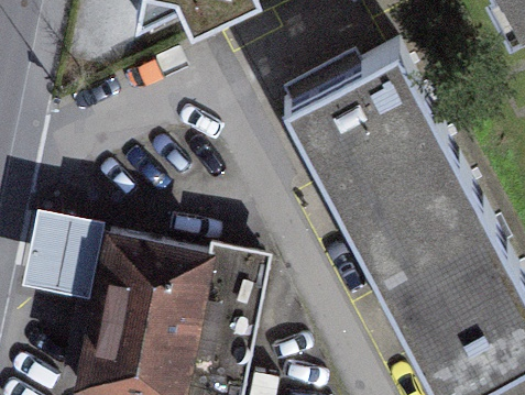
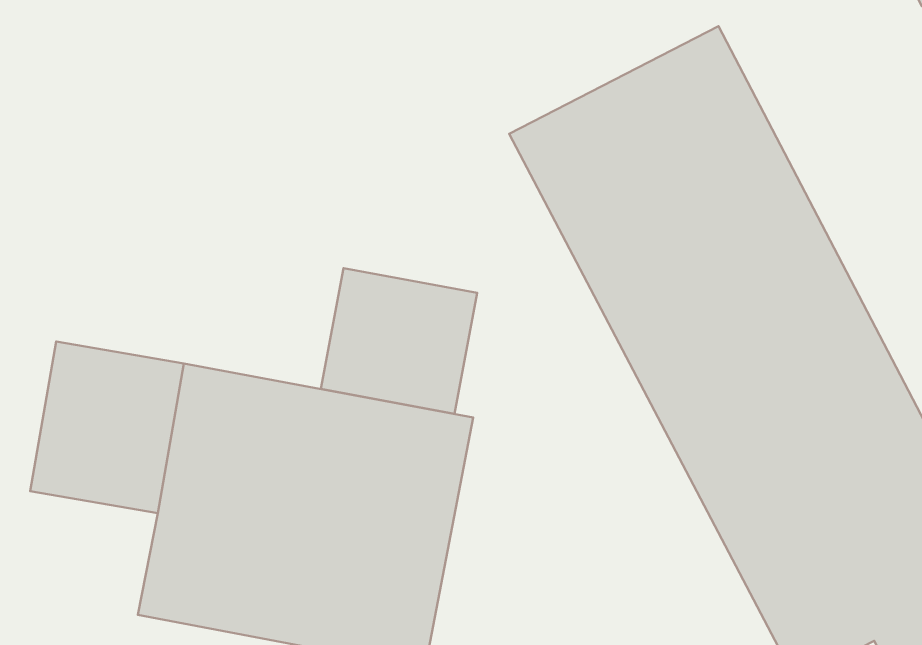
building: none -> [321,268,477,414]

